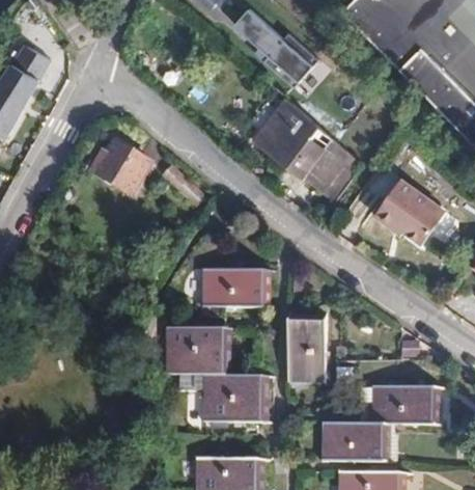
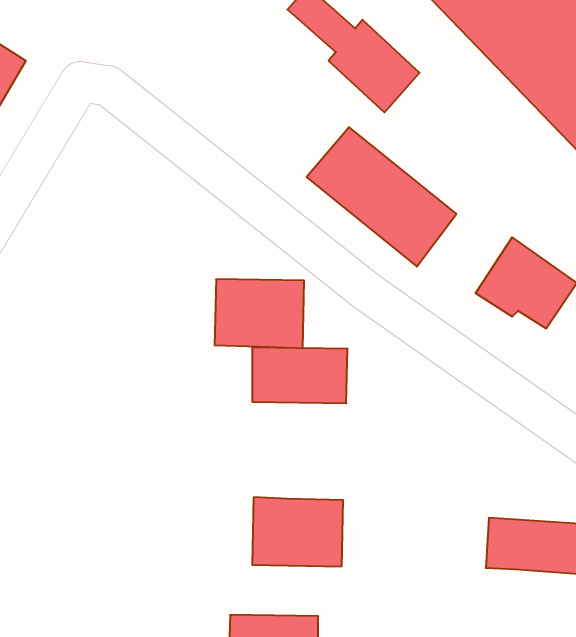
building: [80,147,147,206] -> none
building: [292,314,334,378] -> none
building: [172,323,235,372] -> [215,279,304,348]
building: [329,418,395,460] -> none

